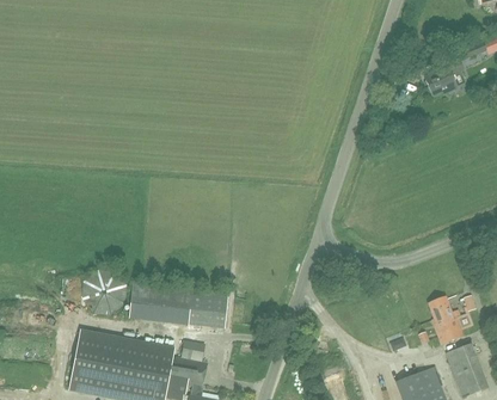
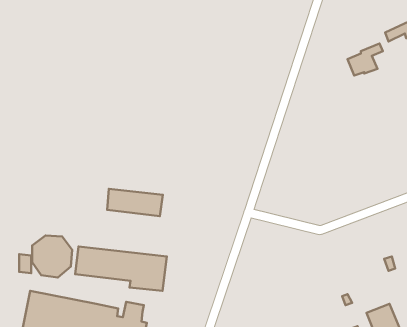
building: none -> [107,189,163,216]
building: [428,296,464,344] -> none

